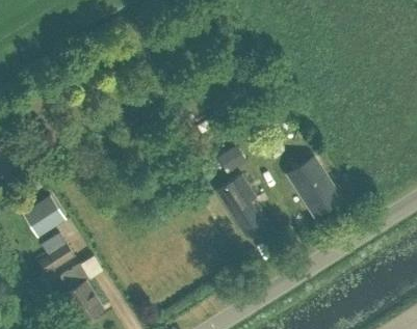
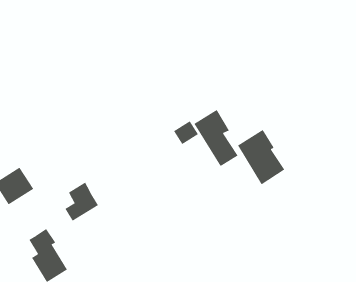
building: [216,174,265,237] -> [193,109,238,167]
building: [36,231,74,274] -> [64,182,99,221]

